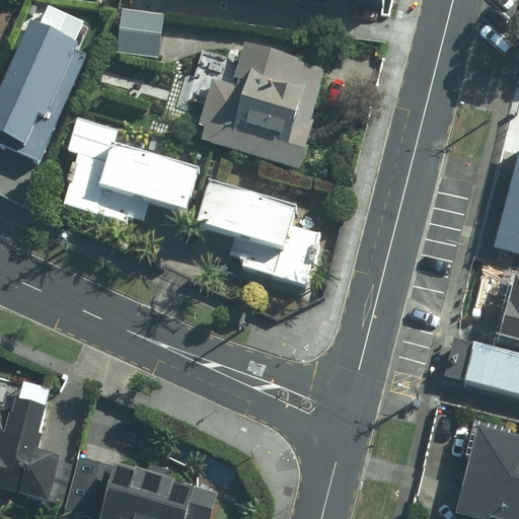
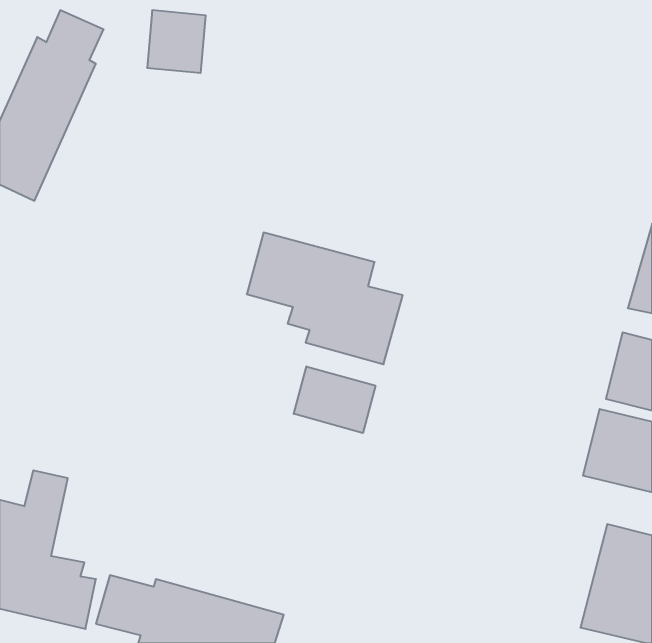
building: [196,46,325,172] -> none
building: [65,134,197,225] -> none
building: none -> [294,366,375,433]

